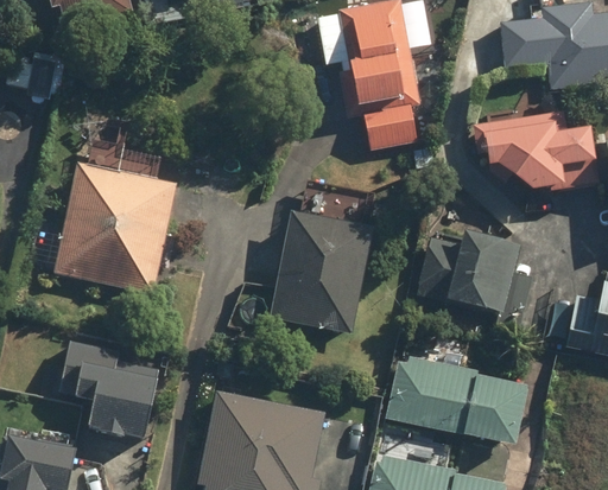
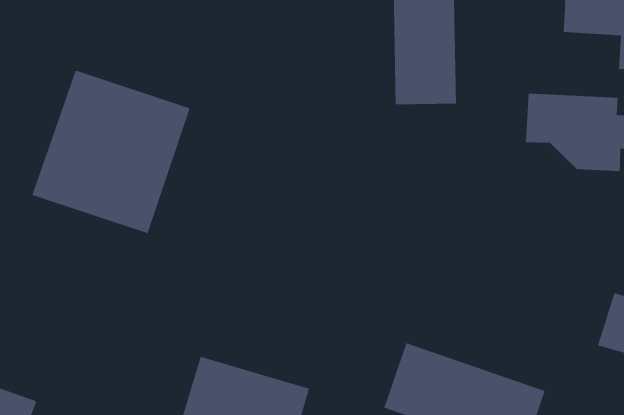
building: [270,211,373,331] -> none
building: [417,229,522,313] -> none
building: [58,342,158,443] -> none

